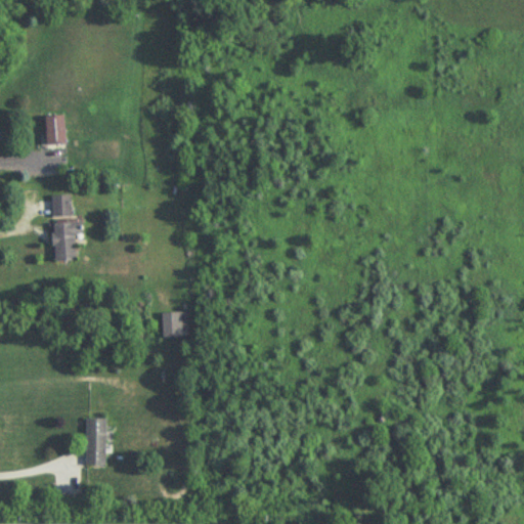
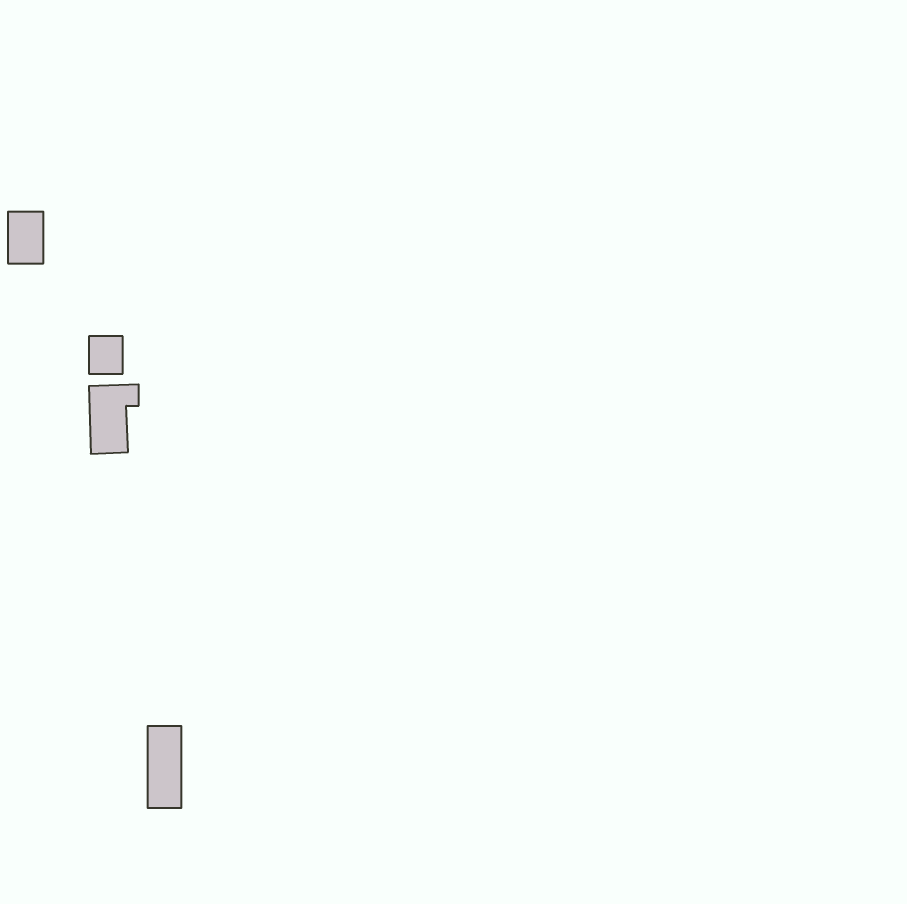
building: [45,113,66,142] -> [8,212,43,263]
building: [162,311,189,335] -> none

